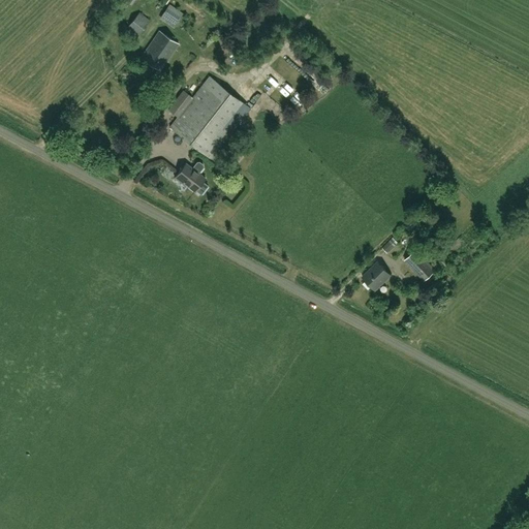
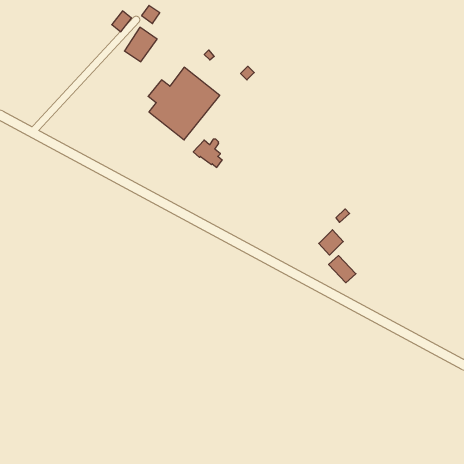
building: [174,162,207,194] -> [193,139,222,167]
building: [404,249,435,280] -> [329,256,356,283]

